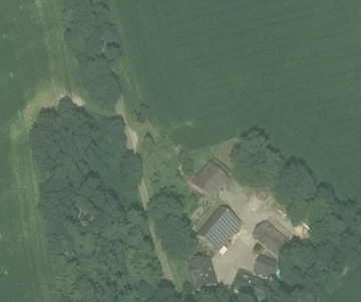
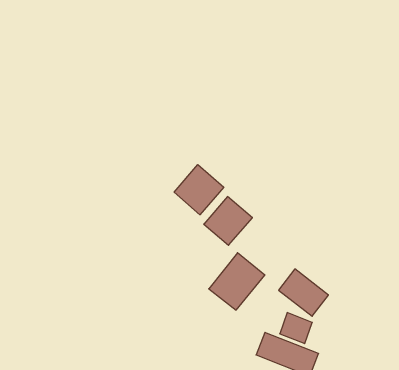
building: none -> [174,165,224,215]
building: [190,256,218,289] -> none

